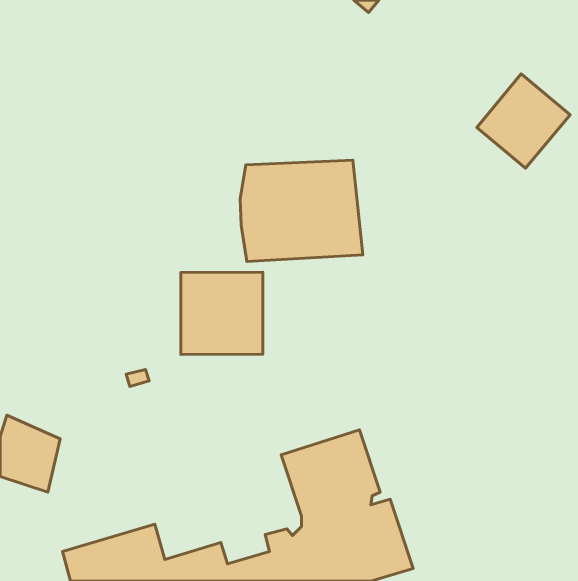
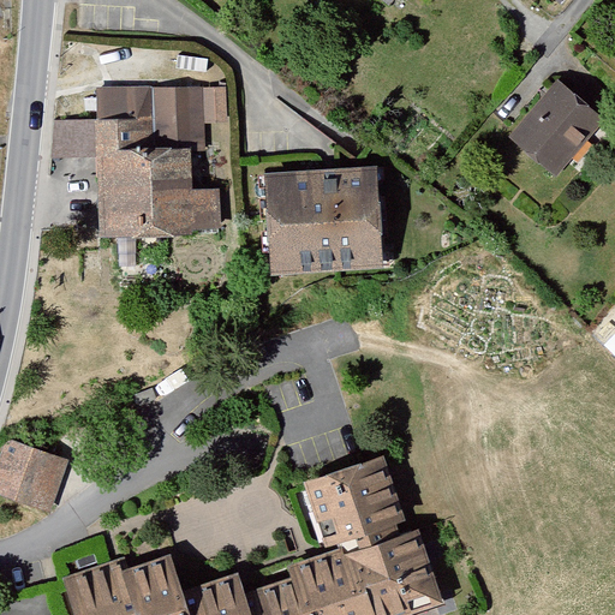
building: none -> [48,89,231,262]
building: [181,272,263,354] -> none

